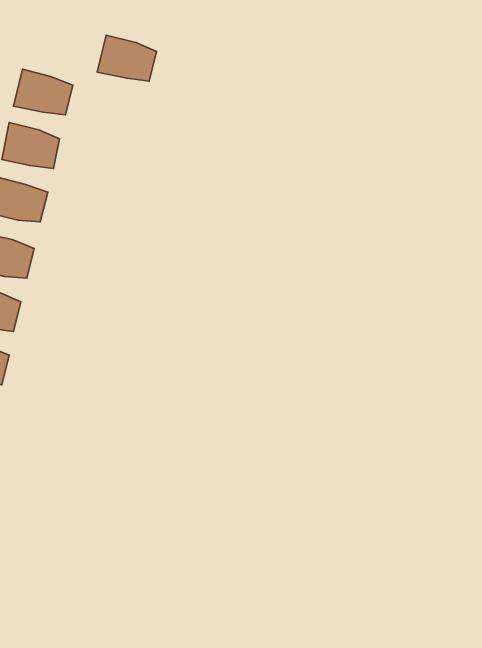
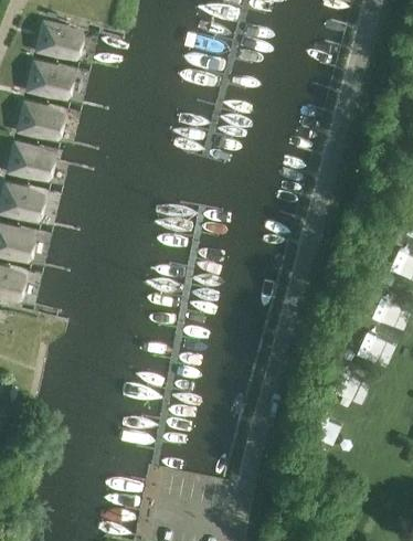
building: [97,35,157,81] -> [38,21,82,55]

